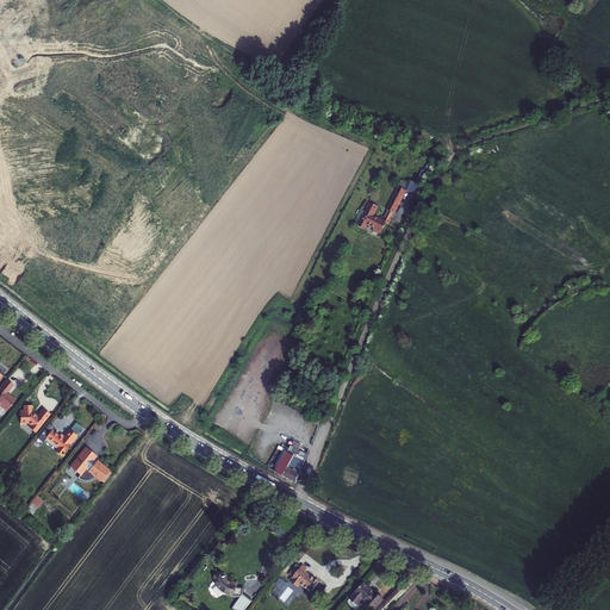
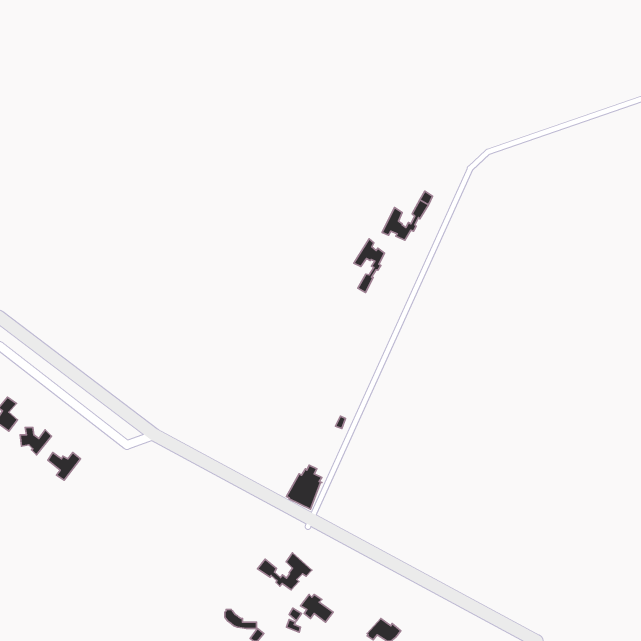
building: none -> [354,239,385,292]
building: [71,448,110,481] -> none
building: none -> [258,553,312,590]

